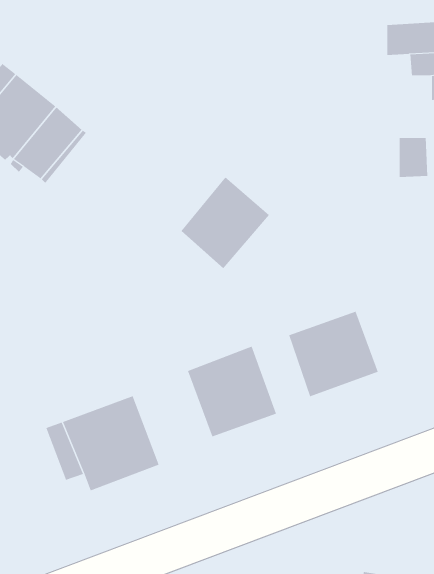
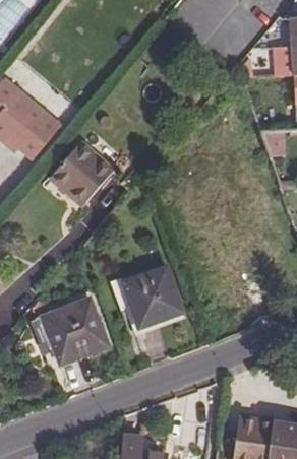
building: [180,177,270,269] -> [53,143,112,204]
building: [288,311,379,397] -> none

